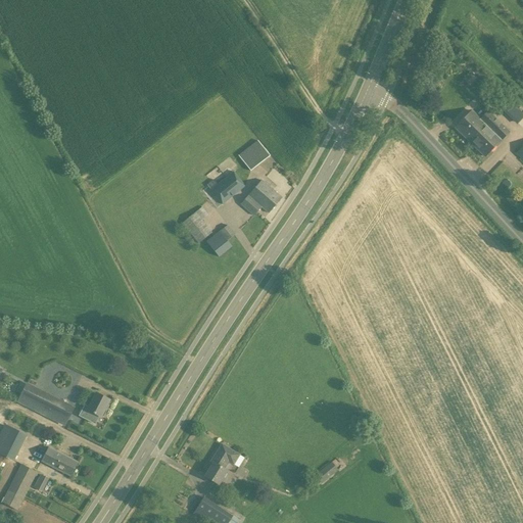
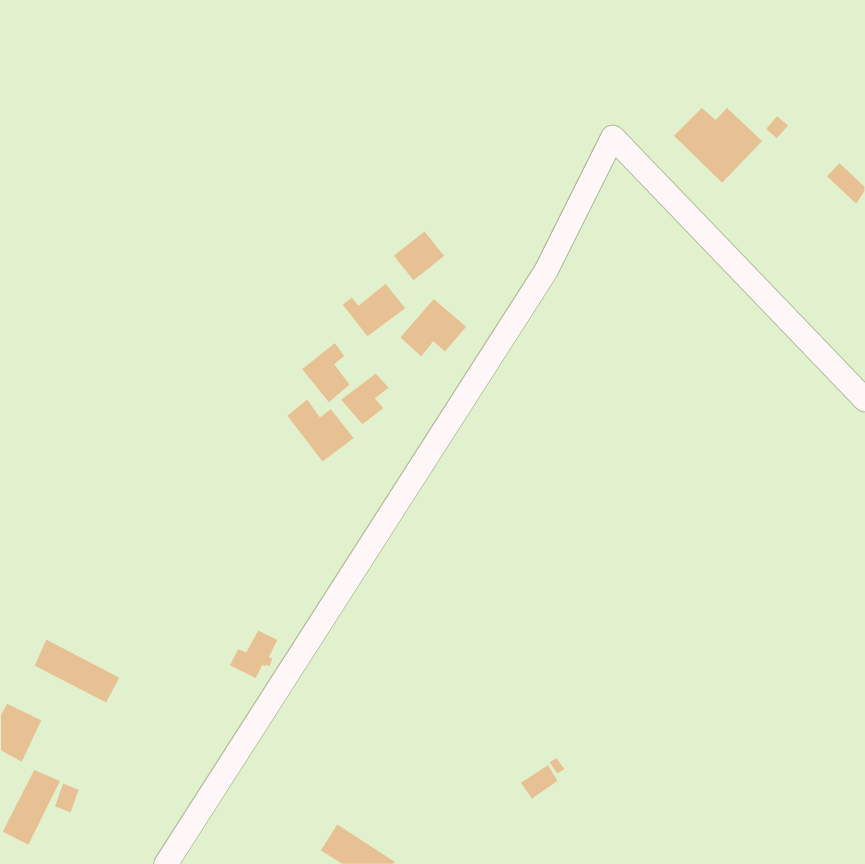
building: [455,110,509,156] -> [673,107,763,183]
building: none -> [286,398,354,462]
building: [79,393,108,423] -> [229,630,278,679]
building: [204,443,239,484] -> none
building: [42,446,77,475] -> none

